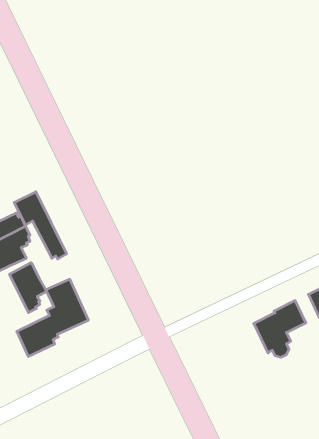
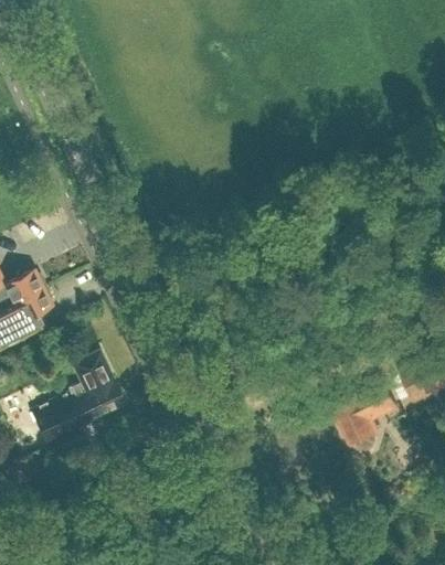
building: [14,192,66,259] -> none
building: [10,263,47,313] -> none

